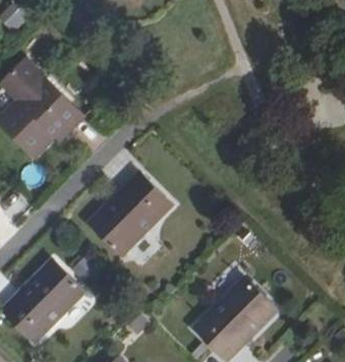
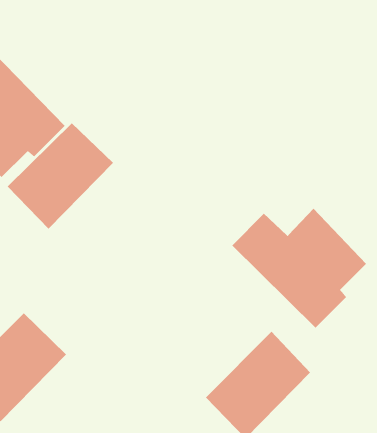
building: [96,167,179,250] -> [7,122,114,230]
building: none -> [231,208,367,329]

